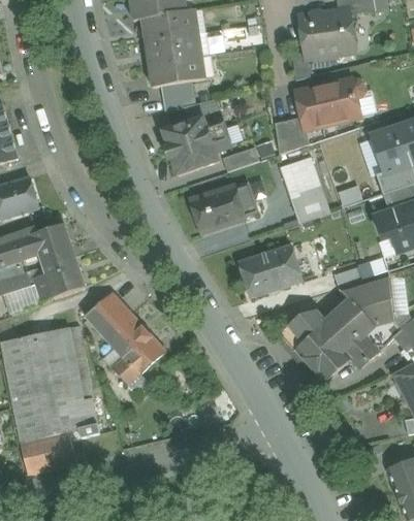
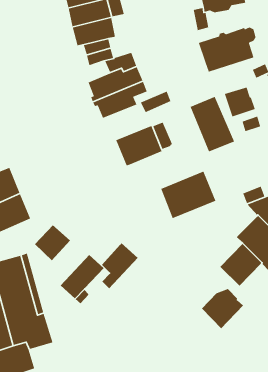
building: [273,117,309,152] -> [224,87,256,118]
building: [279,311,329,358] -> [201,288,244,329]
building: [103,313,149,366] -> [101,242,138,289]

